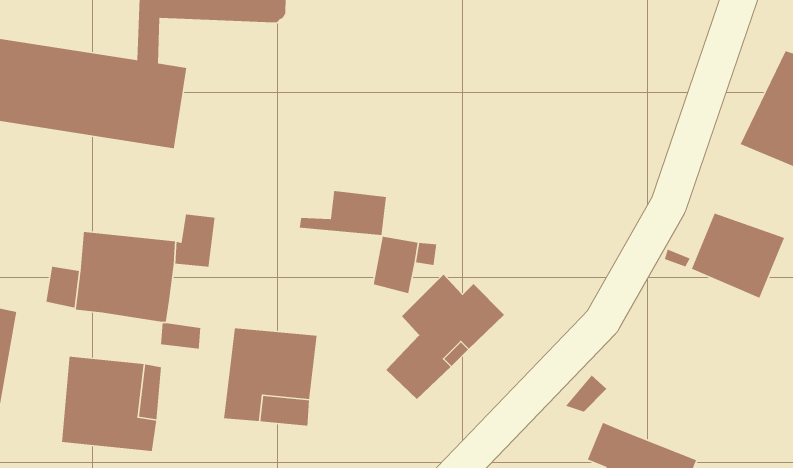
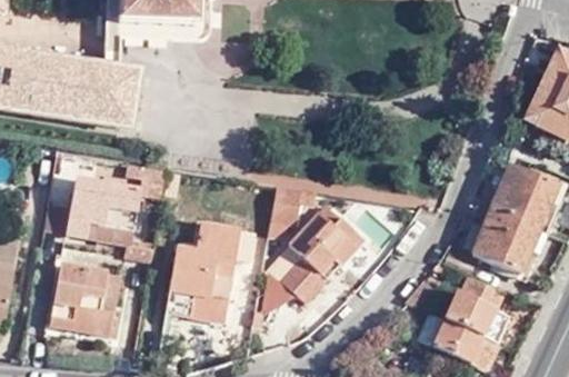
building: [299,190,387,236] -> [171,221,233,254]
building: none -> [475,207,542,271]
building: none -> [445,276,509,341]

